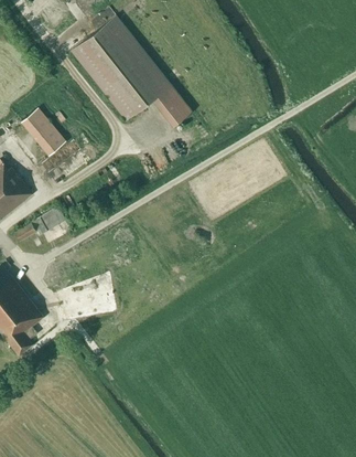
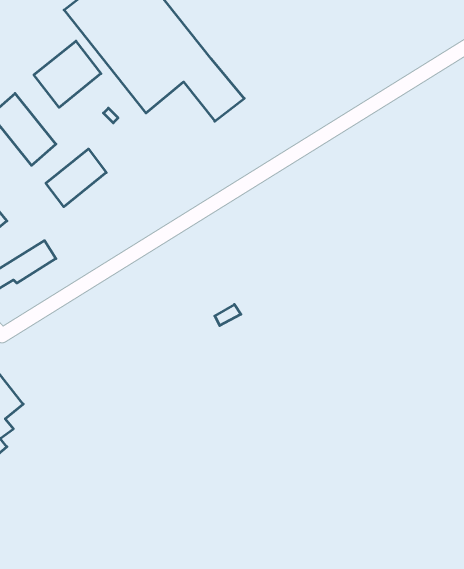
building: none -> [34,41,101,107]
building: none -> [46,149,106,207]

